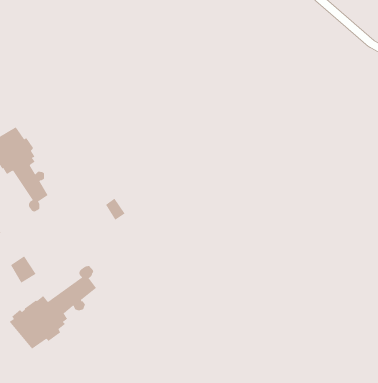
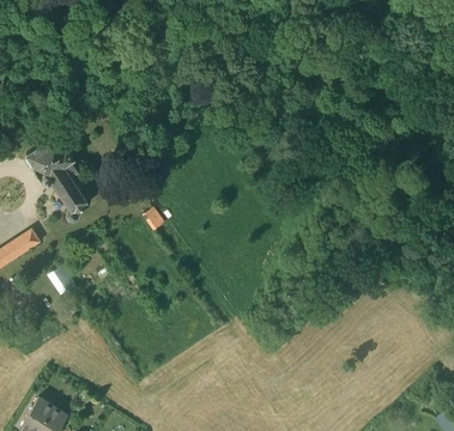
building: [9,265,97,349] -> none

